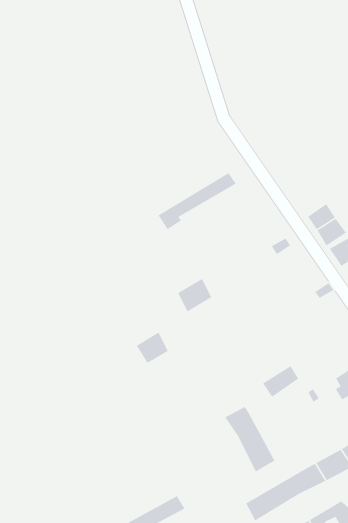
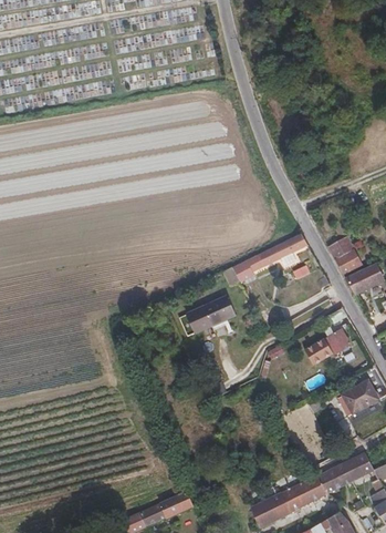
building: [158,172,237,230] -> [232,233,307,281]
building: [136,332,169,364] -> [180,307,210,336]
building: [262,365,299,398] -> [314,329,348,358]
building: [224,406,276,473] -> none

